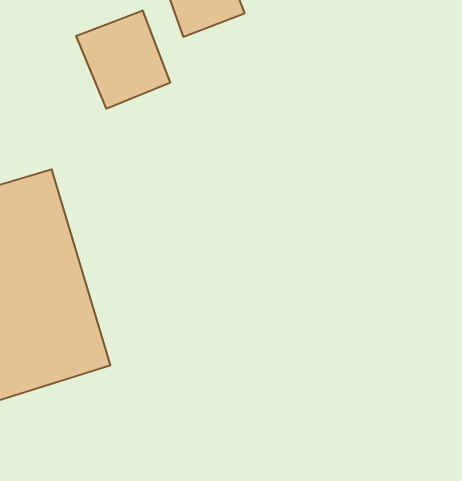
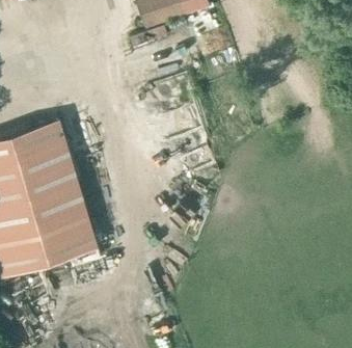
building: [76,10,170,109] -> none

